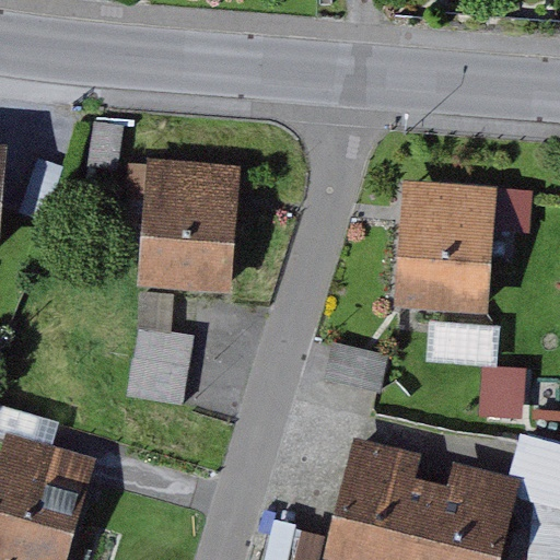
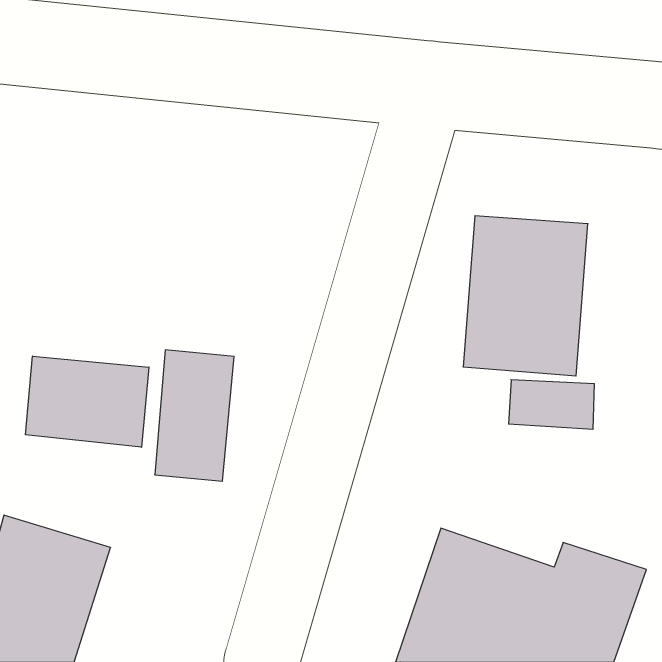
building: [133,160,237,294] -> none
building: none -> [25,356,149,447]

